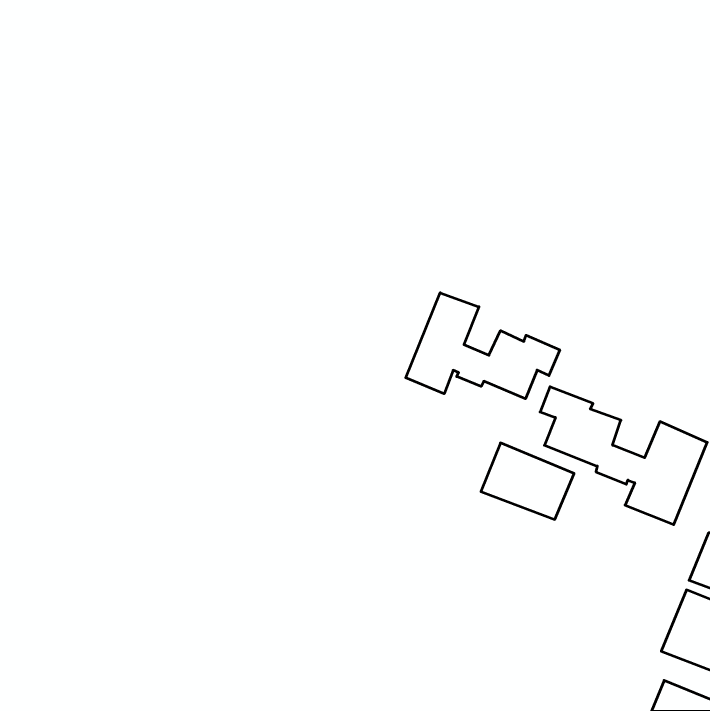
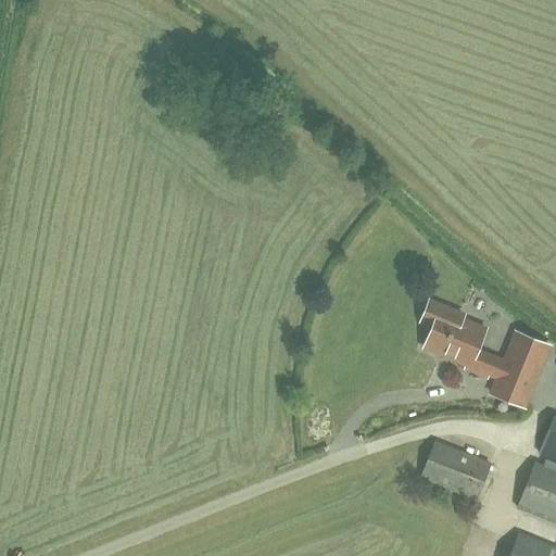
building: [406,293,560,399] -> none
building: [481,443,574,519] -> [420,440,493,500]

